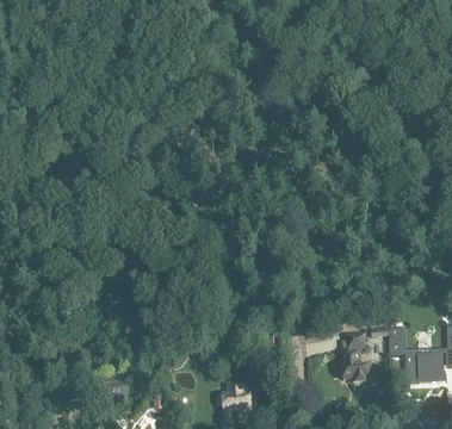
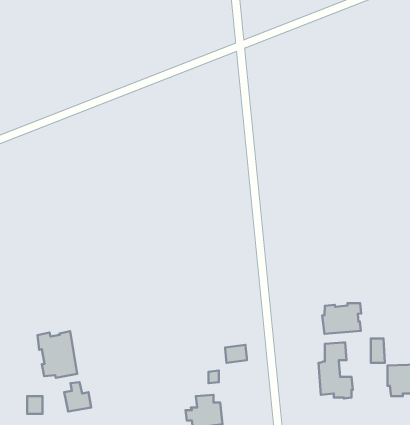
building: none -> [322,303,361,334]
building: none -> [37,331,77,378]

